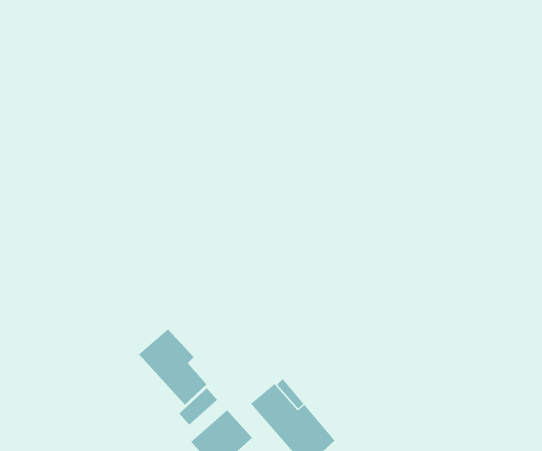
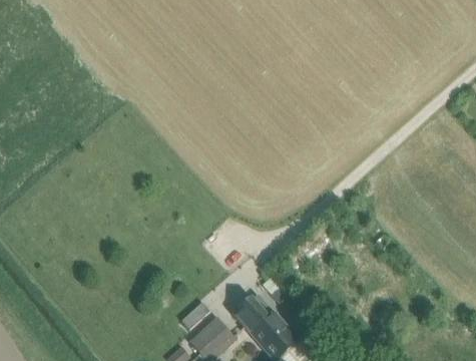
building: [138,328,207,406] -> none

